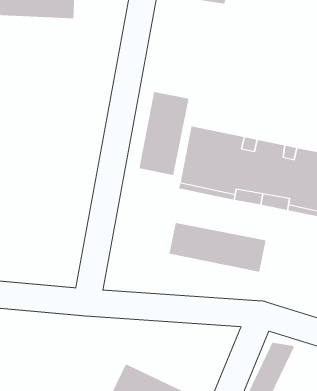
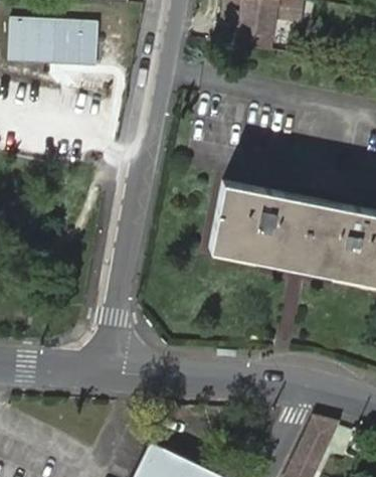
building: [139,91,189,176] -> none
building: [169,222,266,273] -> none

